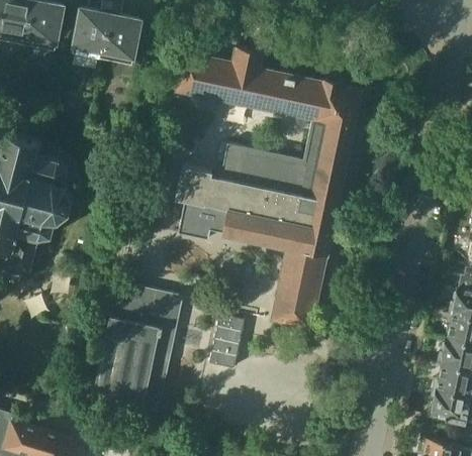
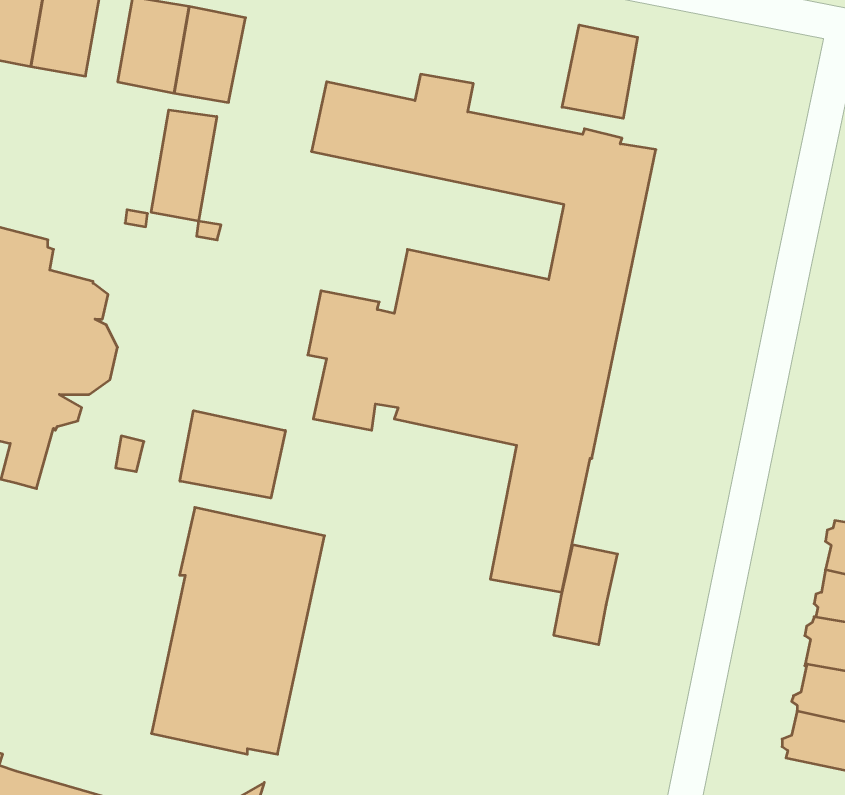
building: none -> [562,25,638,118]
building: none -> [151,110,217,221]
building: none -> [180,411,285,498]
building: [209,316,244,369] -> [554,545,618,645]

